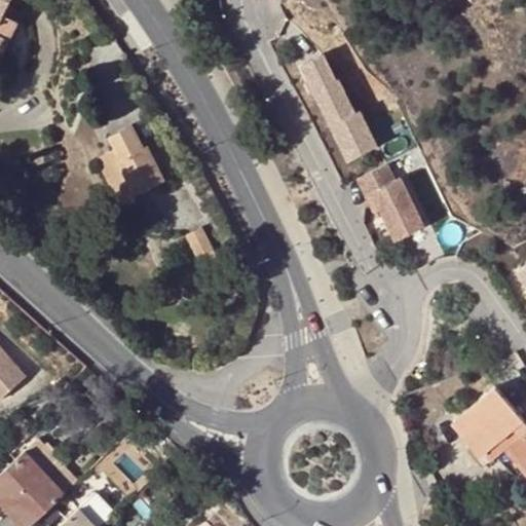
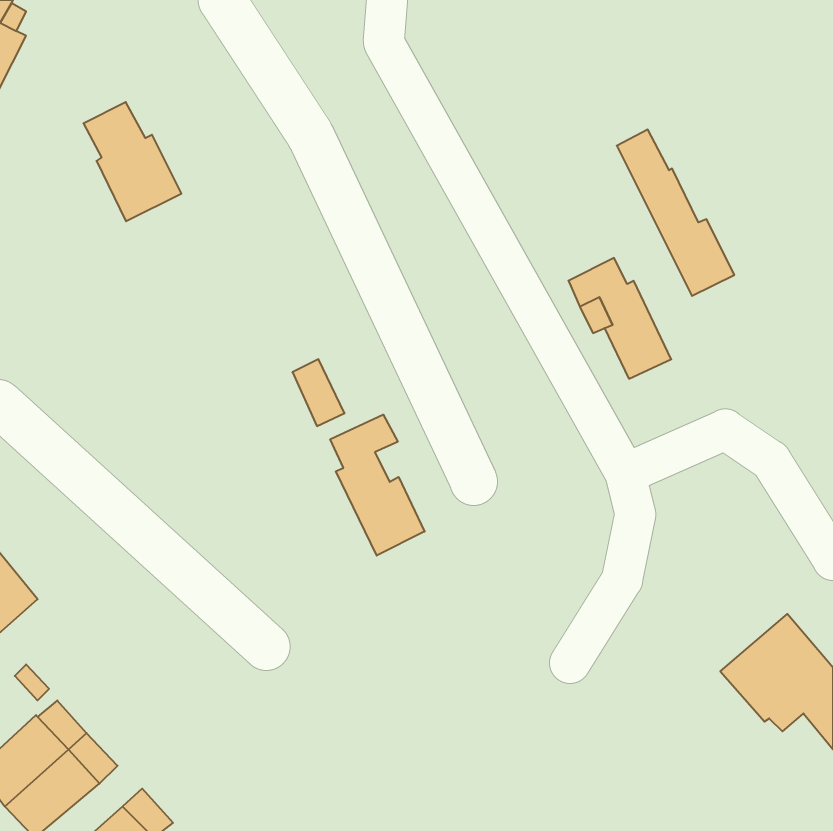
building: [302,57,376,161] -> [617,129,734,296]
building: [104,124,165,199] -> [83,102,181,221]
building: none -> [330,415,425,556]

